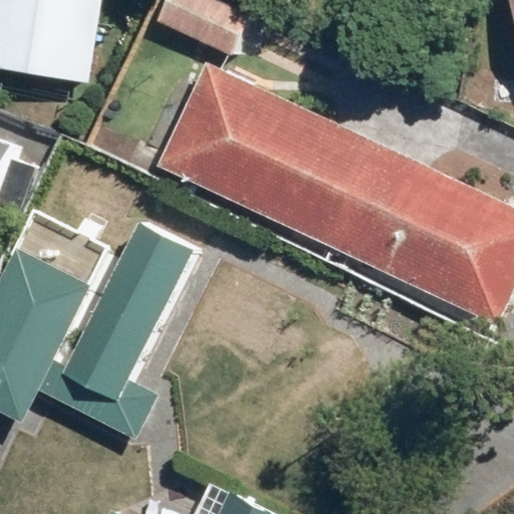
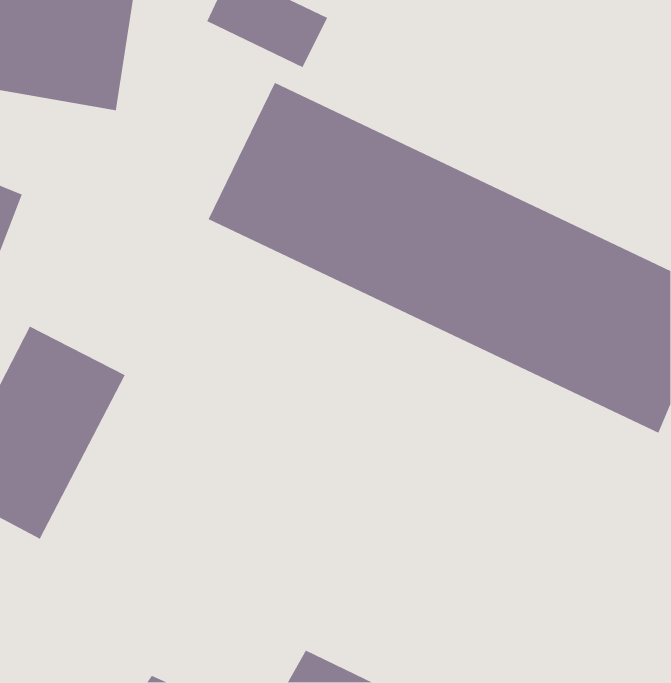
building: [52,218,196,443] -> none

